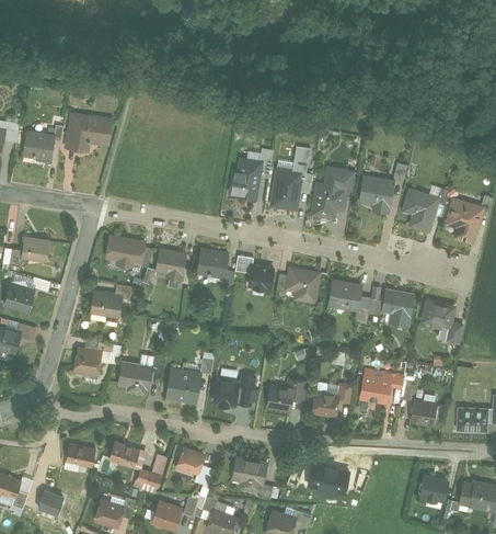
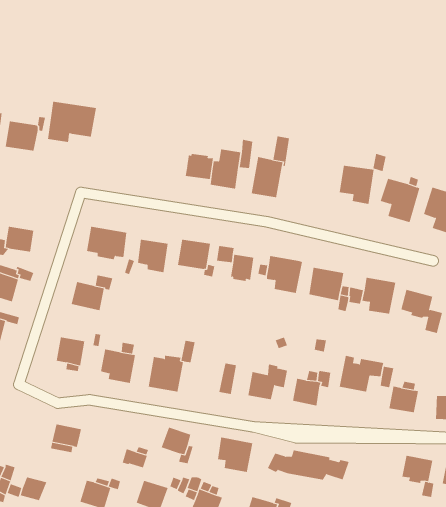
building: none -> [185,153,213,180]
building: [310,167,353,219] -> none
building: [212,378,241,408] -> none
building: [112,434,142,461] -> none

